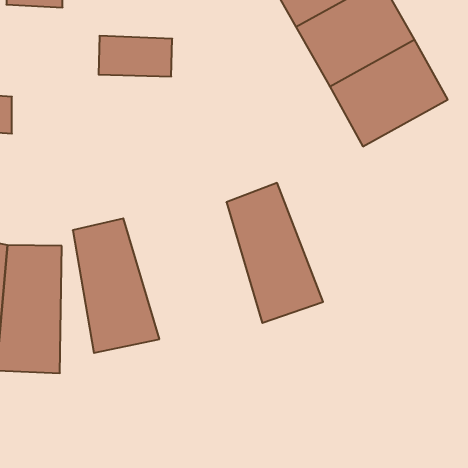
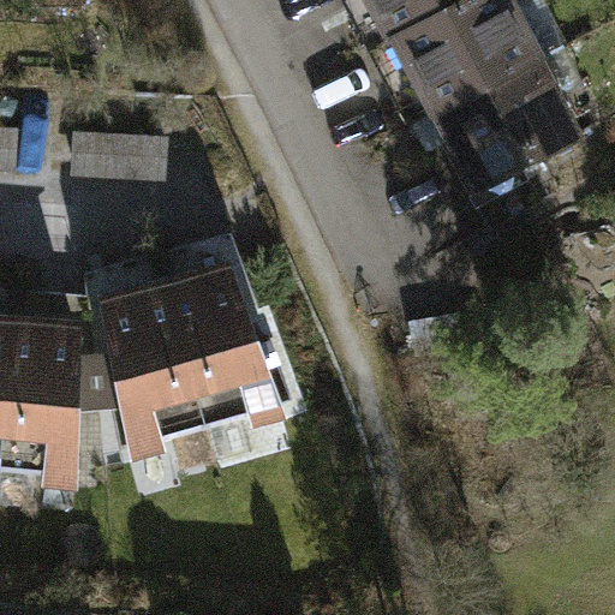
building: [99,36,172,76] -> [70,133,166,186]
building: [226,183,323,323] -> [161,259,287,442]

